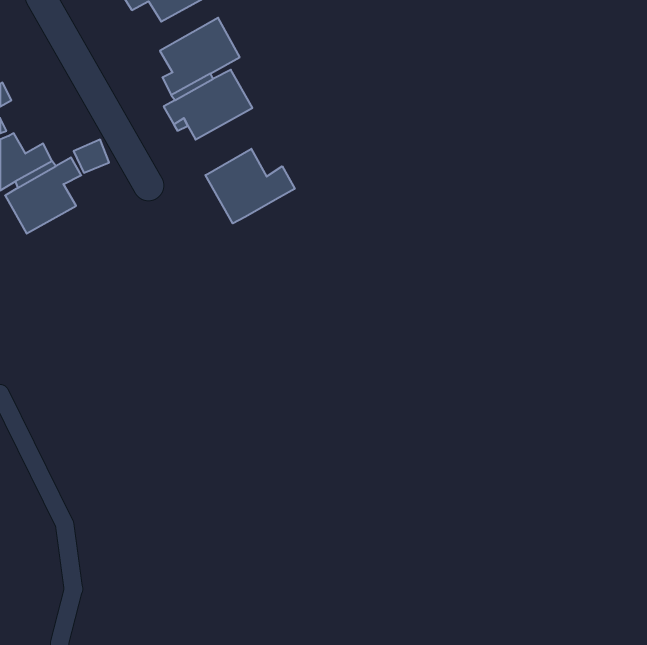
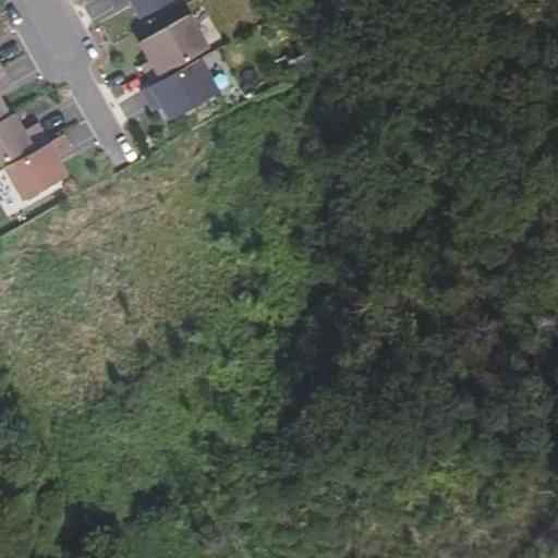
building: [205,149,295,223] -> none

